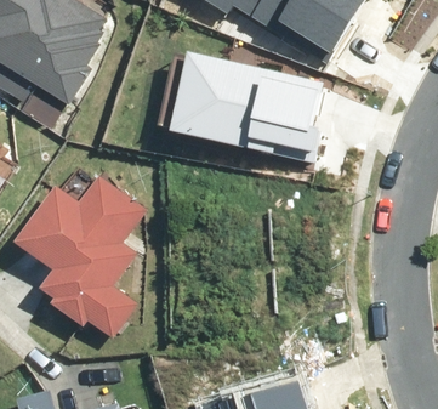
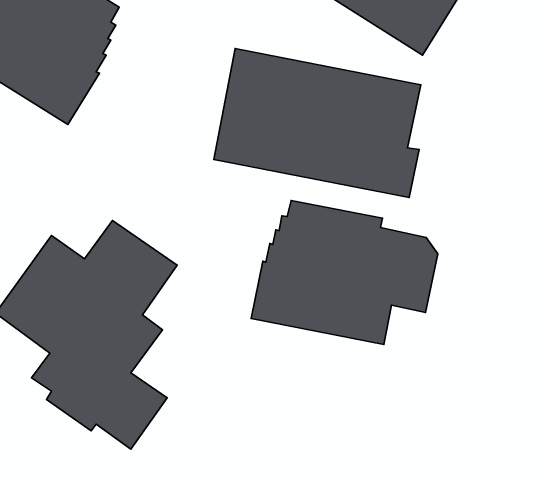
building: none -> [251,200,438,344]

